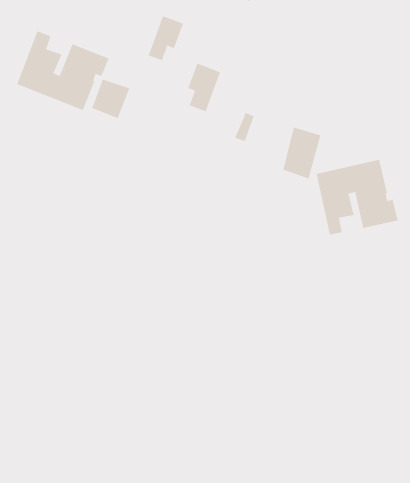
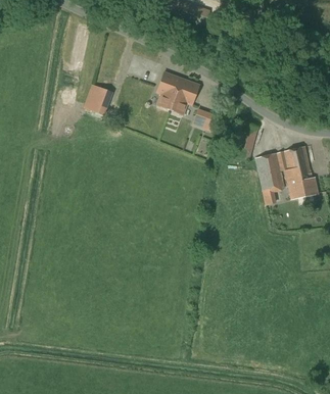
building: [148,15,184,61] -> [172,79,199,113]
building: [17,31,109,111] -> none

